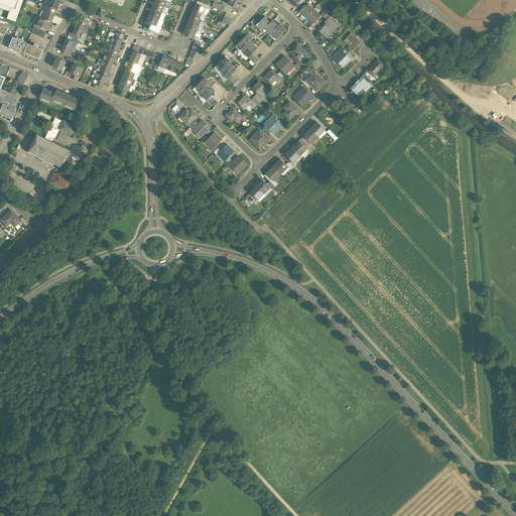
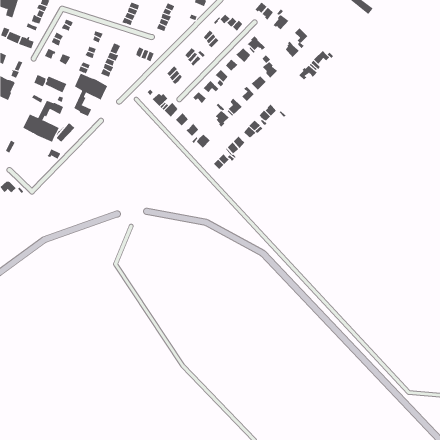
building: none -> [74,73,108,117]

